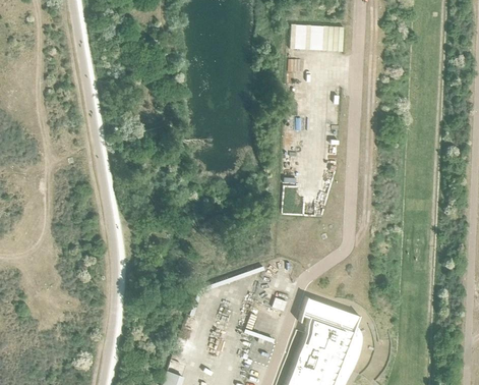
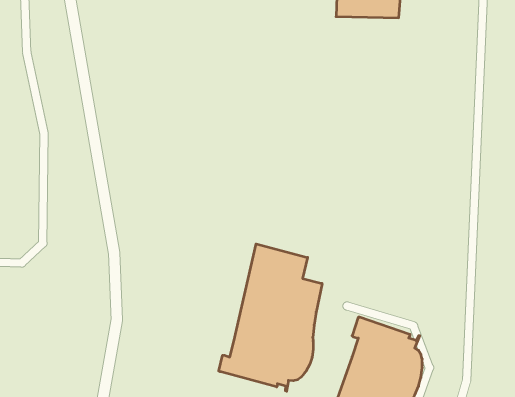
building: none -> [219,244,322,391]

